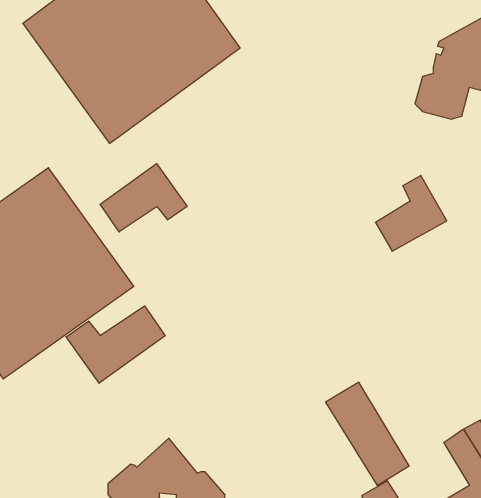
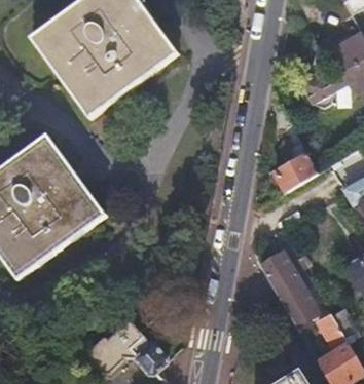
building: [100,164,187,232] -> none
building: [66,306,165,383] -> none
building: [326,382,409,486] -> [259,255,316,324]

